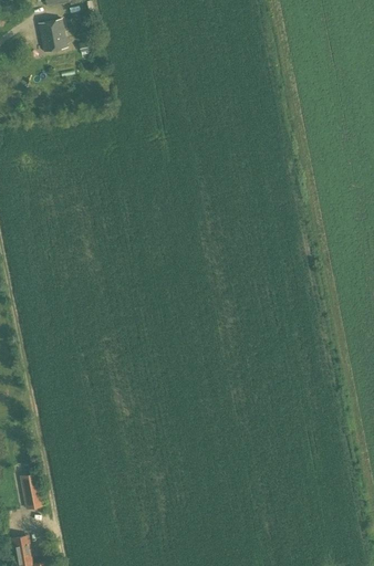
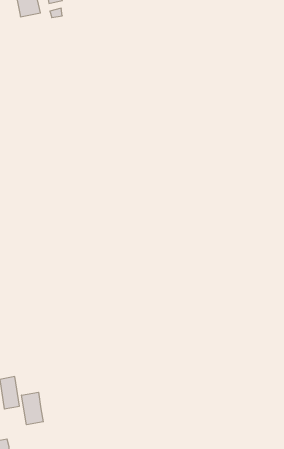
building: none -> [22,392,43,425]

